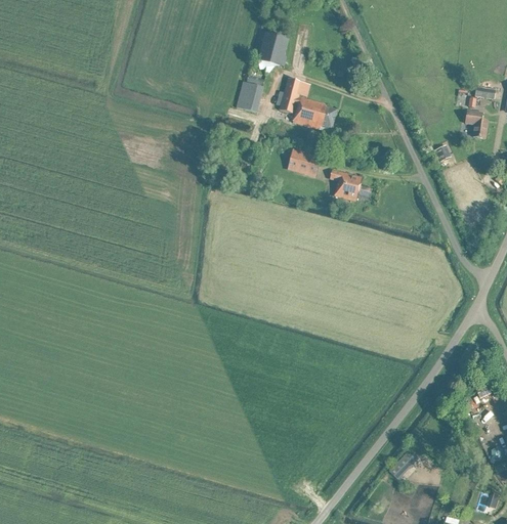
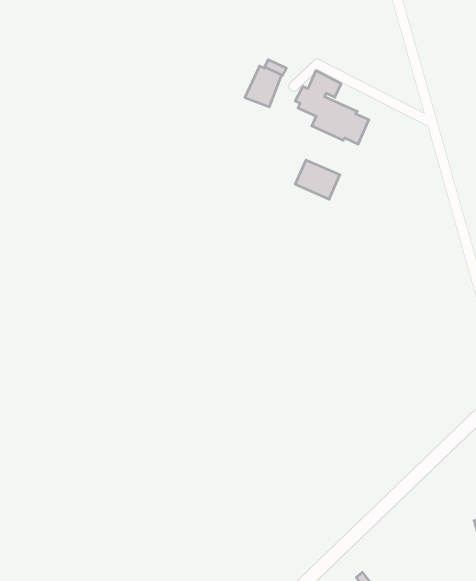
building: [257,31,289,73] -> none
building: [330,171,371,201] -> none

